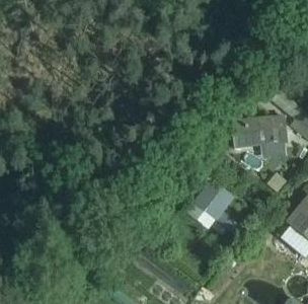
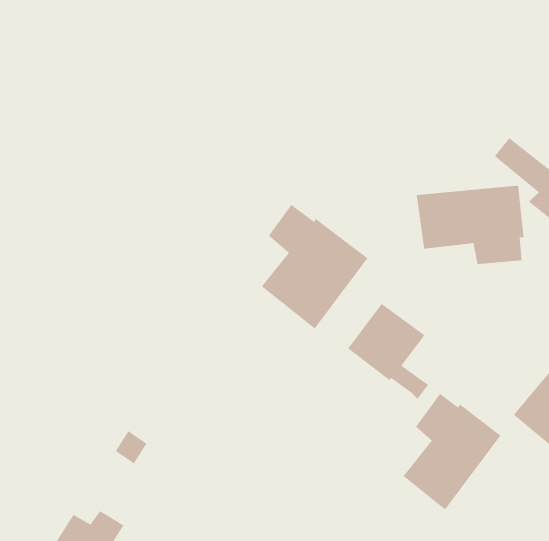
building: none -> [261,204,368,330]
building: none -> [403,393,501,511]

